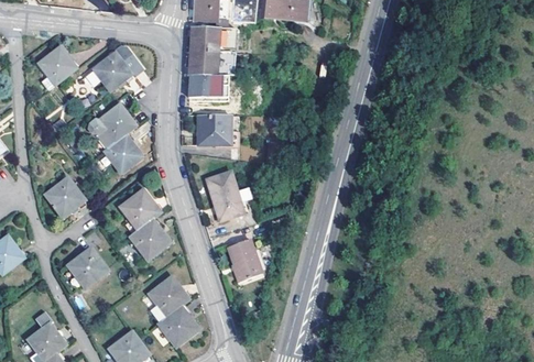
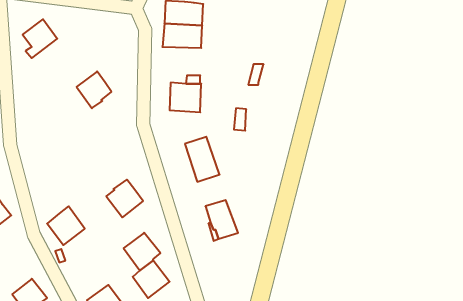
building: [96,46,140,87] -> none
building: [187,75,231,98] -> none
building: [102,133,141,172] -> none
building: [44,177,83,216] -> none
building: [119,188,160,228] -> none

